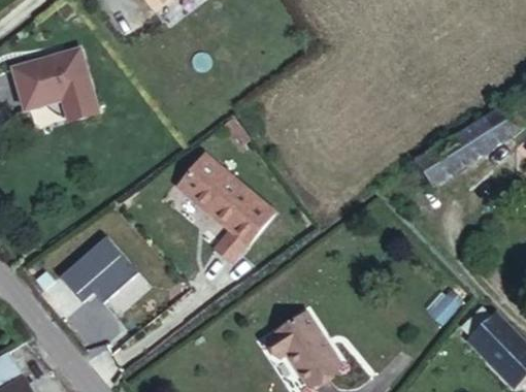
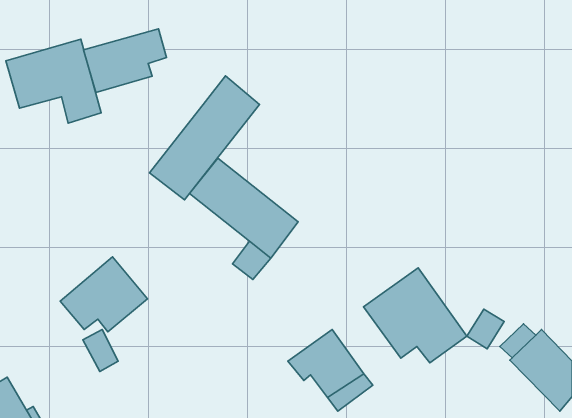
building: none -> [84,29,167,93]
building: none -> [149,76,260,200]
building: [414,112,514,193] -> none
building: none -> [364,268,467,363]

